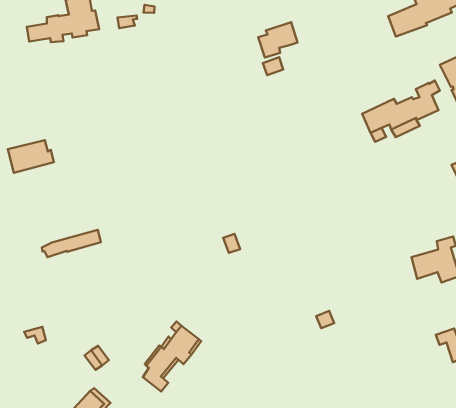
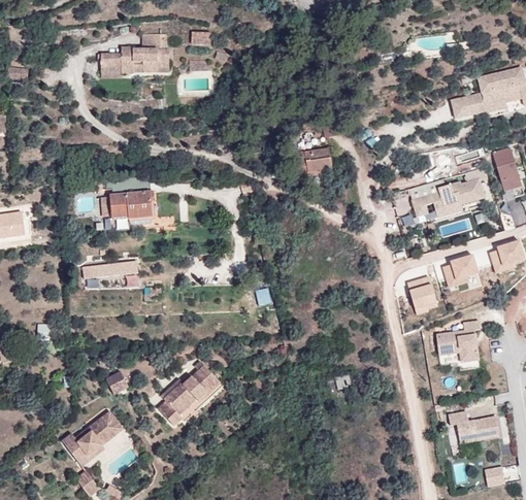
building: [258,22,298,58] -> [296,148,333,178]
building: [8,140,54,173] -> [110,192,153,219]
building: none -> [442,256,478,288]
building: none -> [407,277,436,314]

